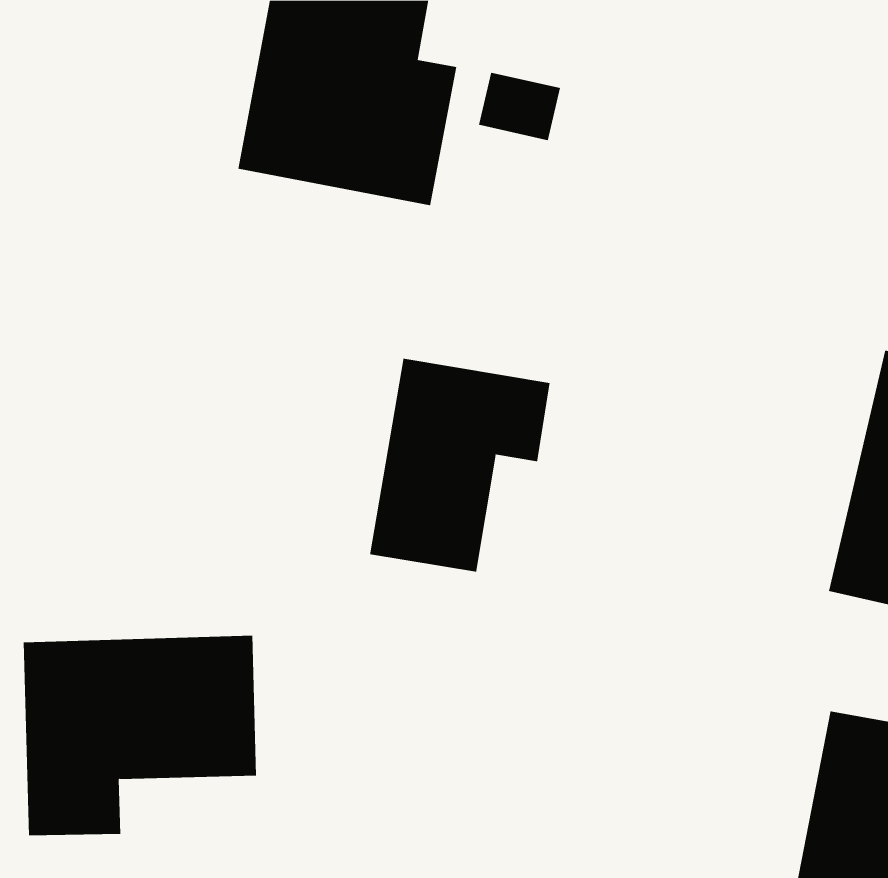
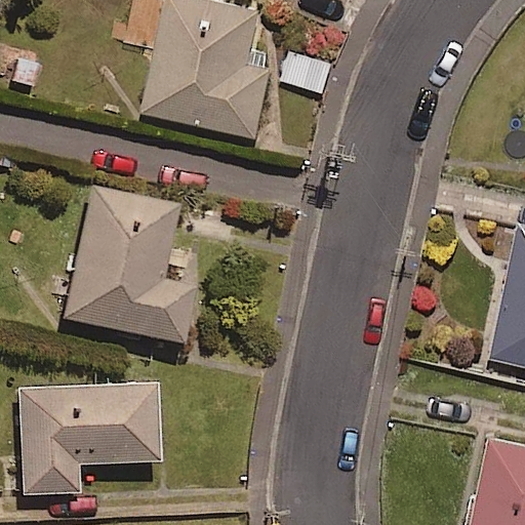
building: none -> [65,187,191,339]
building: [370,358,550,572] -> none

